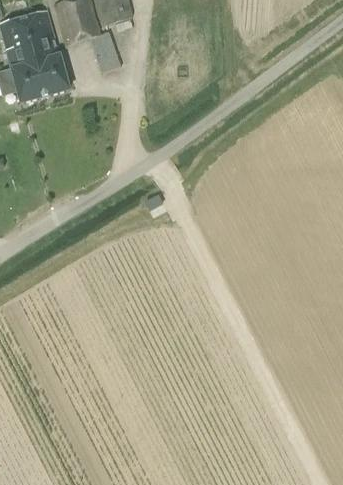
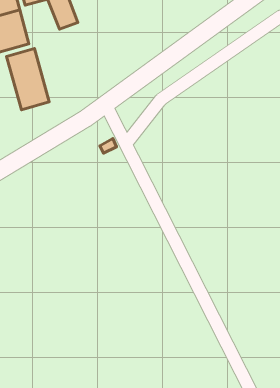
building: none -> [7,48,49,110]

